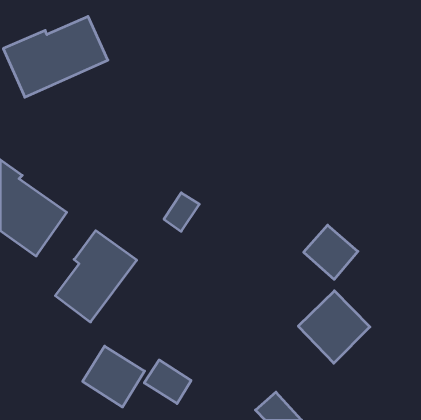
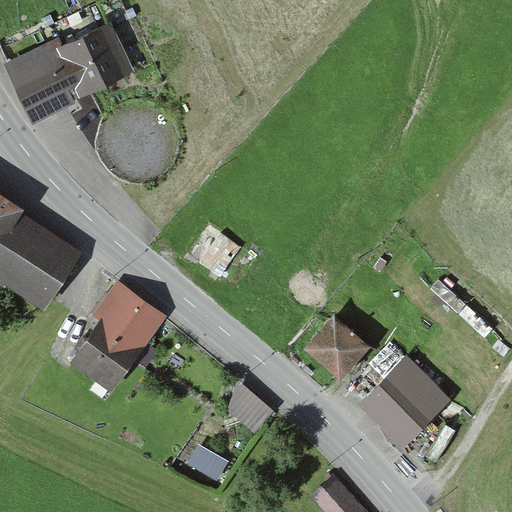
building: [304,225,358,279] -> [304,320,370,386]
building: none -> [228,383,275,436]
building: [83,346,145,407] -> none

